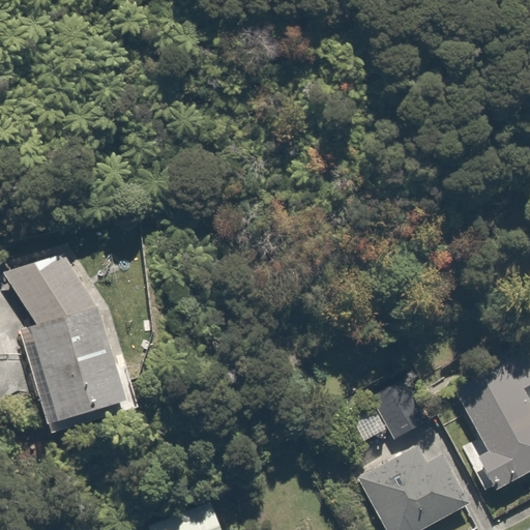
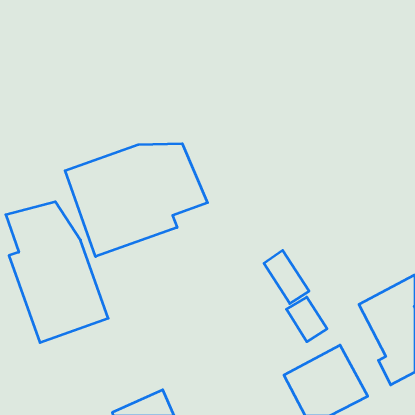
building: none -> [65,144,208,257]
building: none -> [264,250,309,304]

